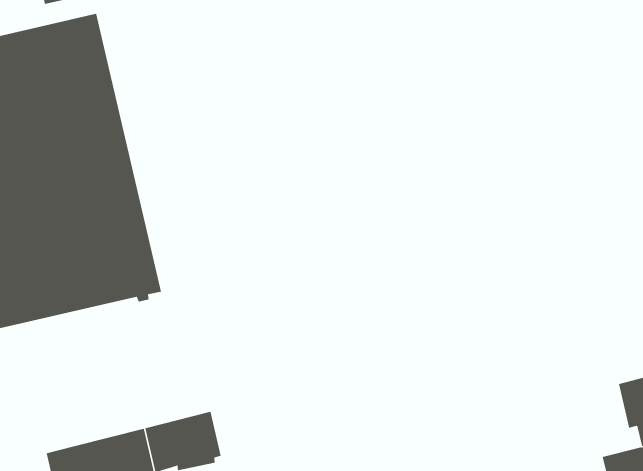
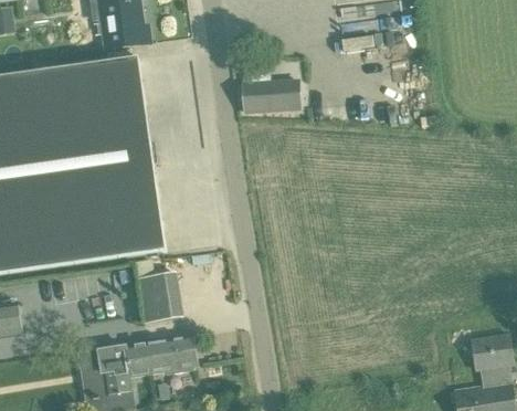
building: none -> [242,67,302,112]
building: none -> [137,271,182,322]

